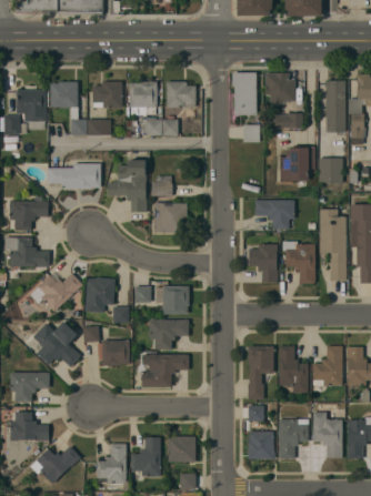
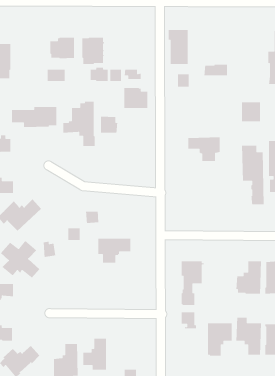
building: [265,72,295,103] -> none
building: [325,80,345,132] -> none
building: [50,81,87,134] -> none
building: [167,81,195,107] -> [124,87,148,109]
building: [280,146,315,180] -> none
building: [154,202,187,232] -> none
building: [282,241,315,283] -> none
building: [249,243,278,282] -> none
building: [86,276,116,312] -> none
building: [156,285,189,313] -> none
building: [102,340,130,365] -> none
building: [279,345,308,392] -> none
building: [141,353,189,386] -> none
building: [248,431,275,458] -> none
building: [168,436,195,463] -> none

